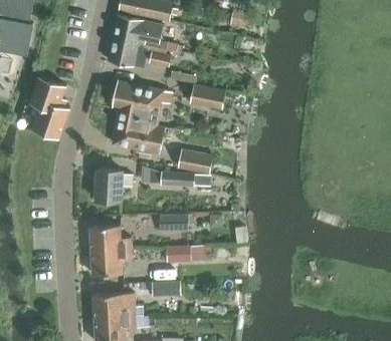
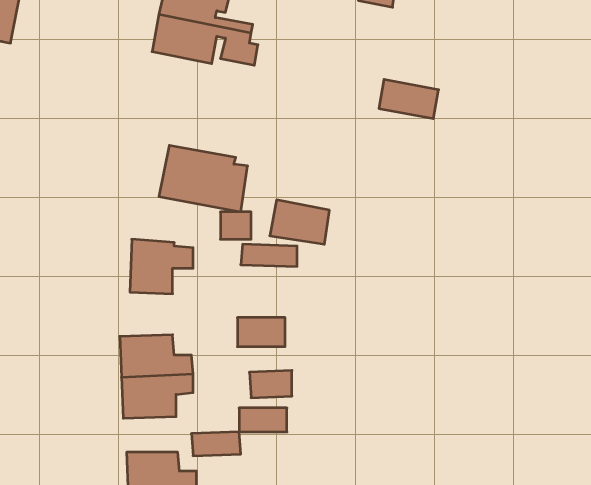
building: [31,76,68,138] -> none
building: [113,83,172,121] -> none
building: [190,85,225,108] -> [379,79,439,119]

